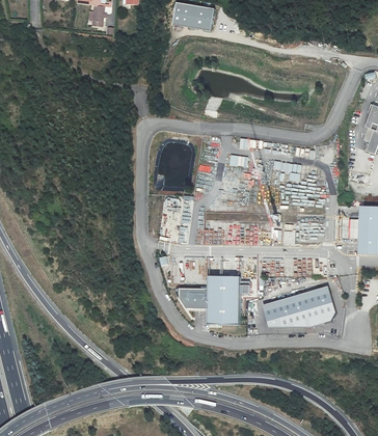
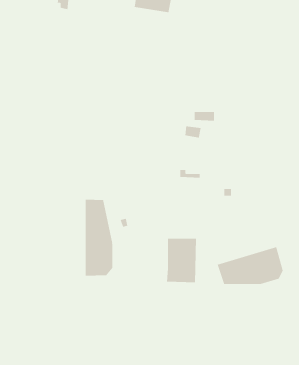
building: none -> [85,199,113,276]
building: [179,288,208,308] -> none

